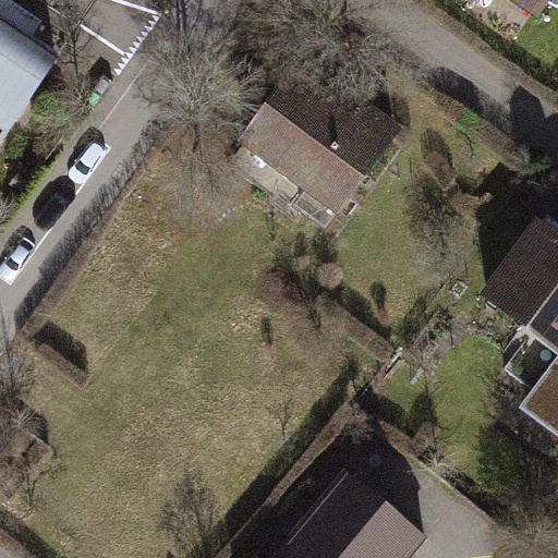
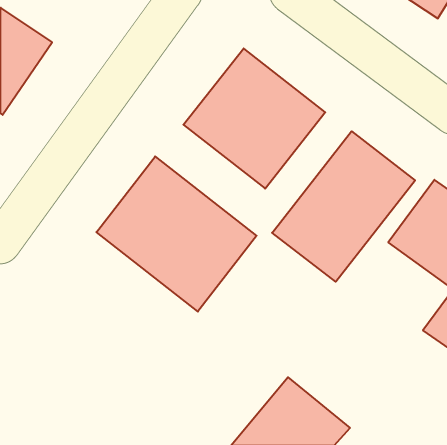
building: none -> [272,131,415,282]
building: none -> [96,156,257,312]

